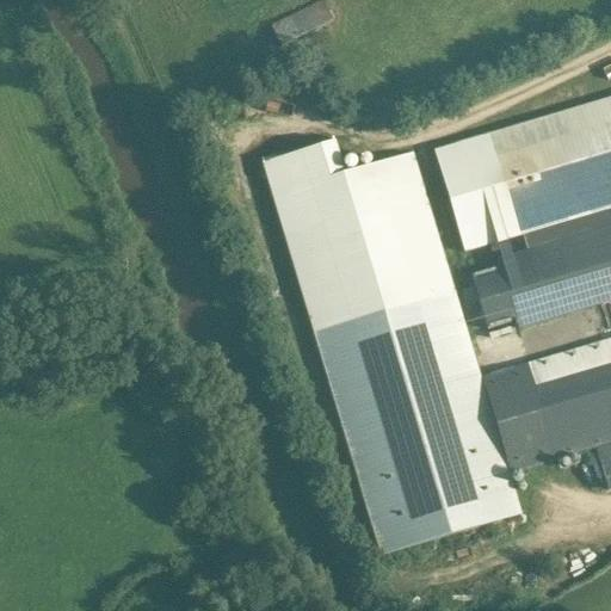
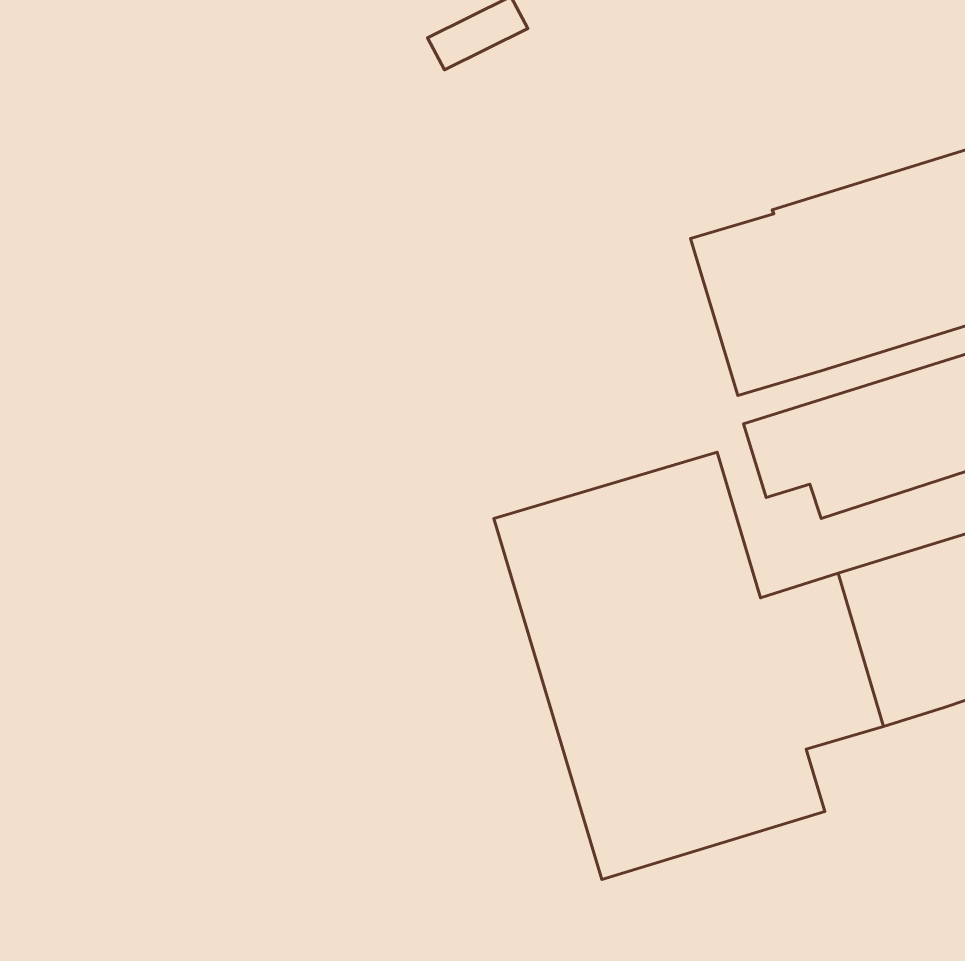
building: [263,136,453,327] -> none

